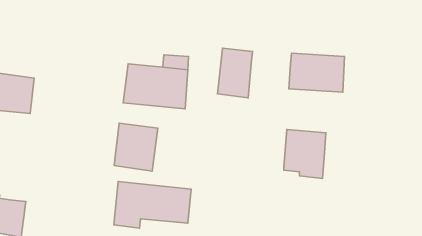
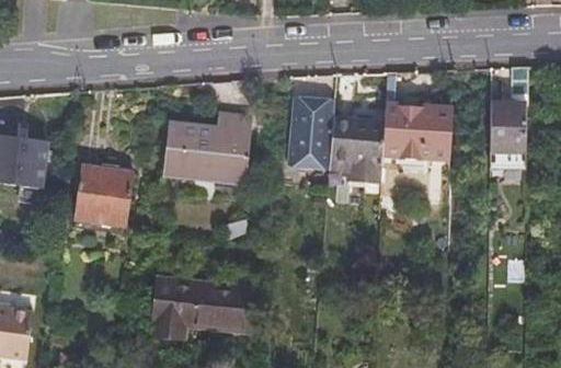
building: none -> [491,67,528,170]
building: [114,123,158,171] -> [75,161,133,225]
building: [284,129,326,178] -> [329,117,385,182]

